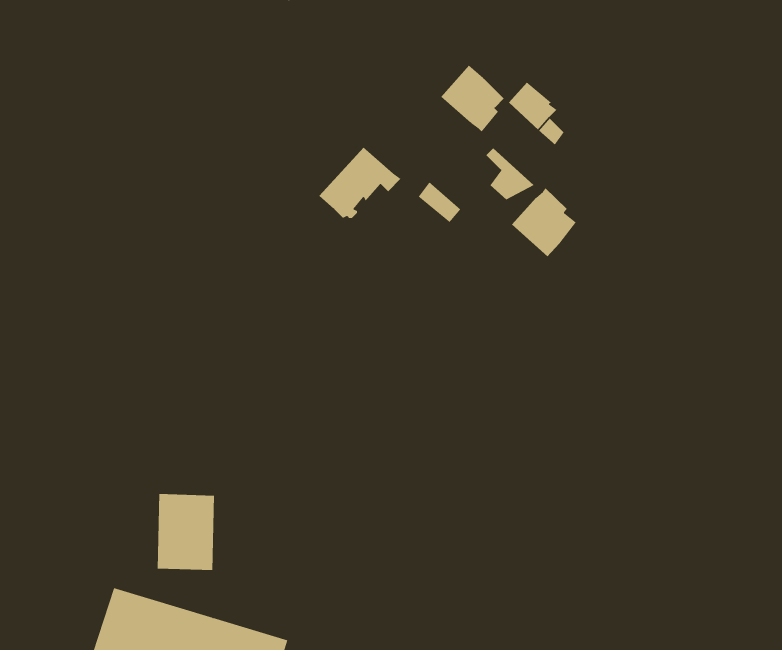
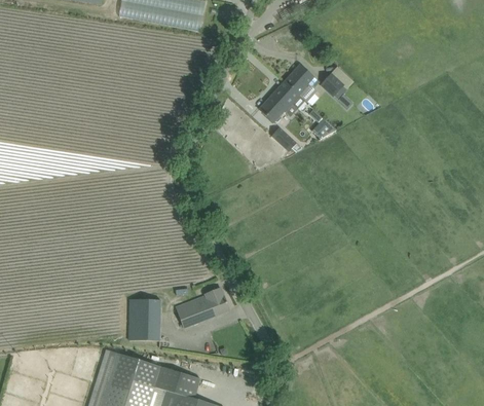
building: [318,147,401,218] -> [260,82,305,121]
building: [511,187,576,257] -> none
building: none -> [177,288,230,329]

